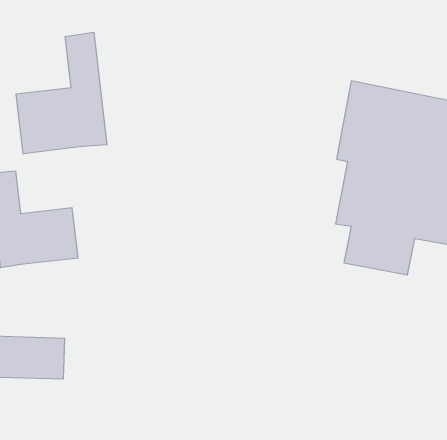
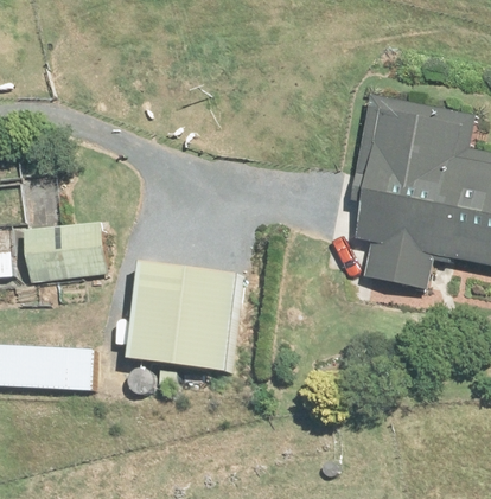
building: [16,32,107,154] -> none
building: none -> [130,261,222,366]

